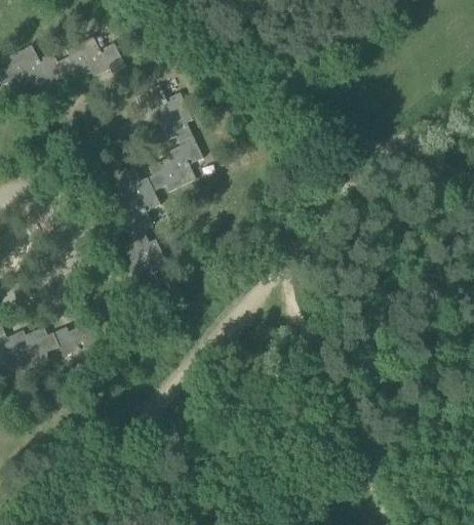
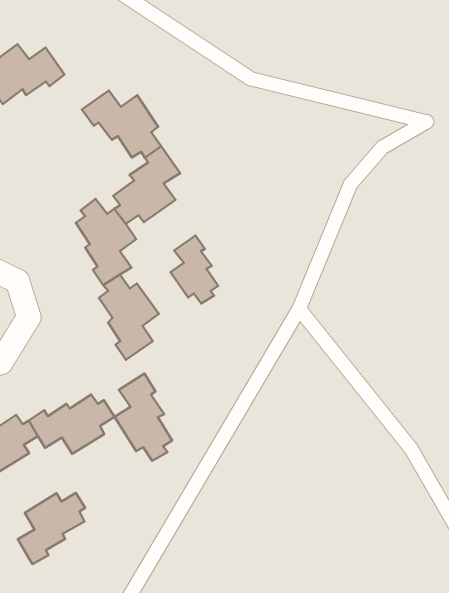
building: none -> [170,235,218,304]
building: none -> [114,373,172,461]
building: none -> [18,493,85,564]

